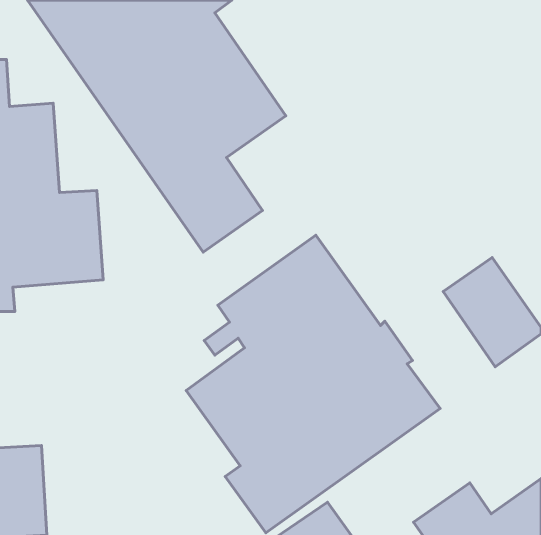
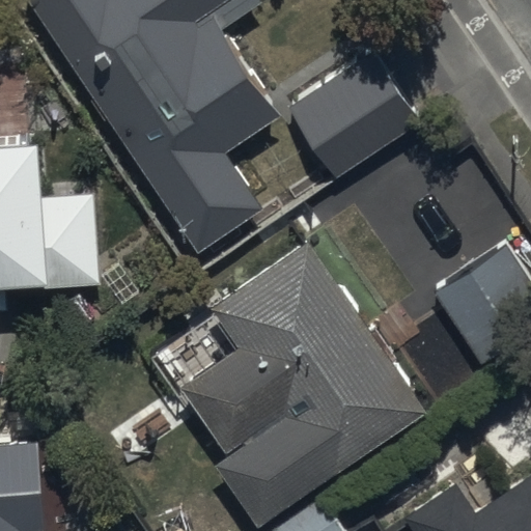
building: none -> [286,53,422,179]

